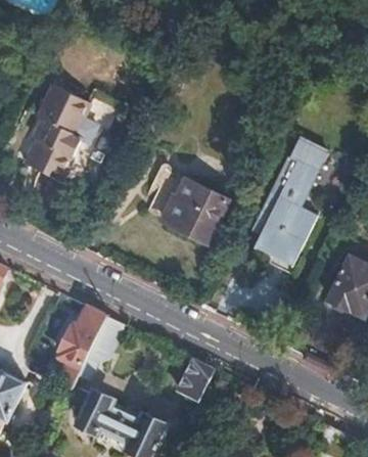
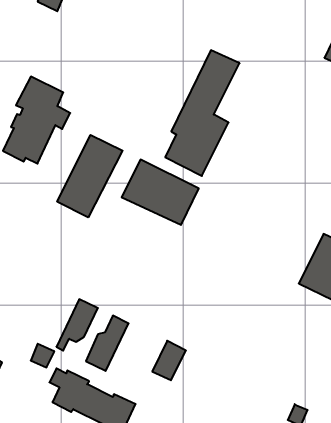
building: [251,140,328,270] -> [165,50,240,176]
building: none -> [57,135,123,217]
building: [58,308,102,365] -> [86,316,129,371]

